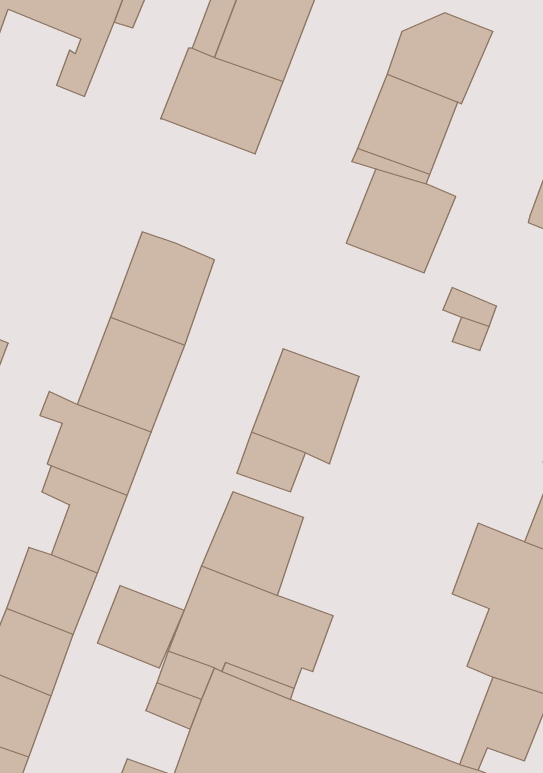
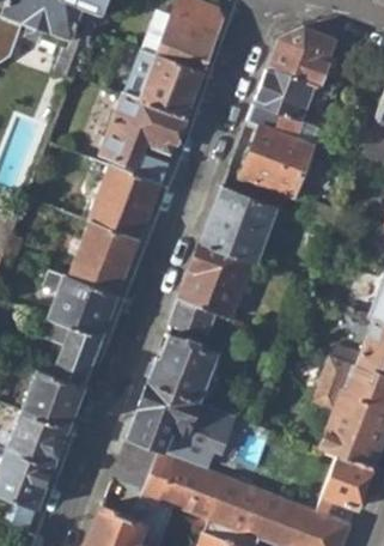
building: none -> [103,95,184,186]
building: none -> [202,186,279,265]
building: [98,585,184,668] -> none

